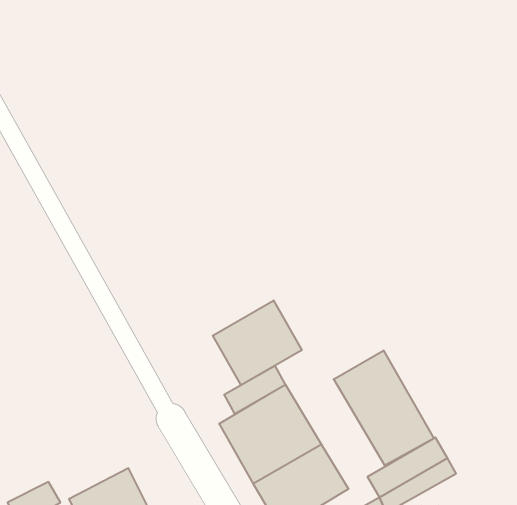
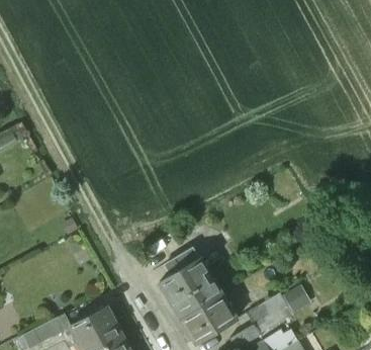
building: [213,300,302,385] -> none
building: [334,350,434,466] -> none

